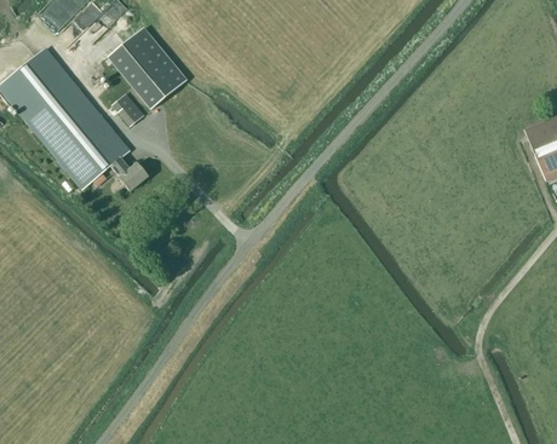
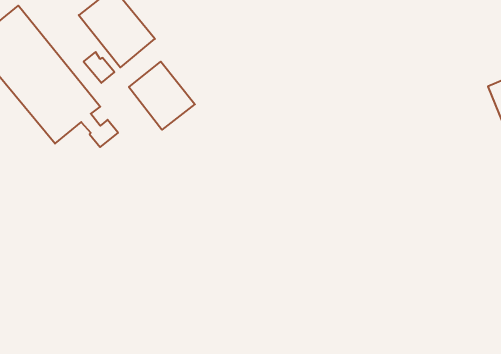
building: none -> [129,62,195,130]

